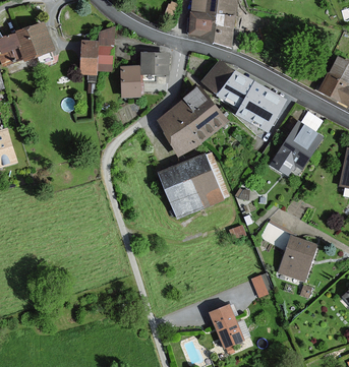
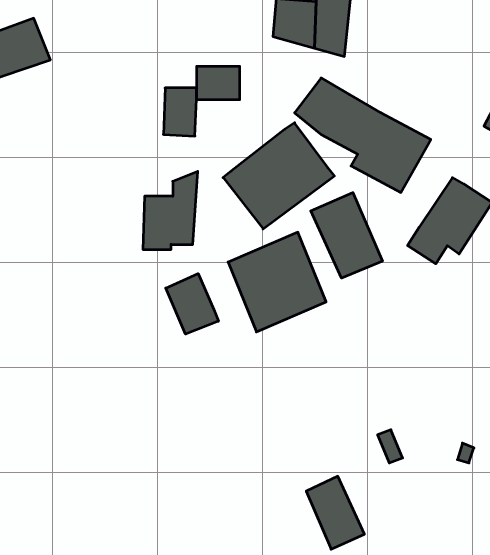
building: [79,26,113,74] -> [143,171,198,249]
building: none -> [311,193,382,278]
building: none -> [166,274,218,334]
building: [261,225,316,282] -> none

